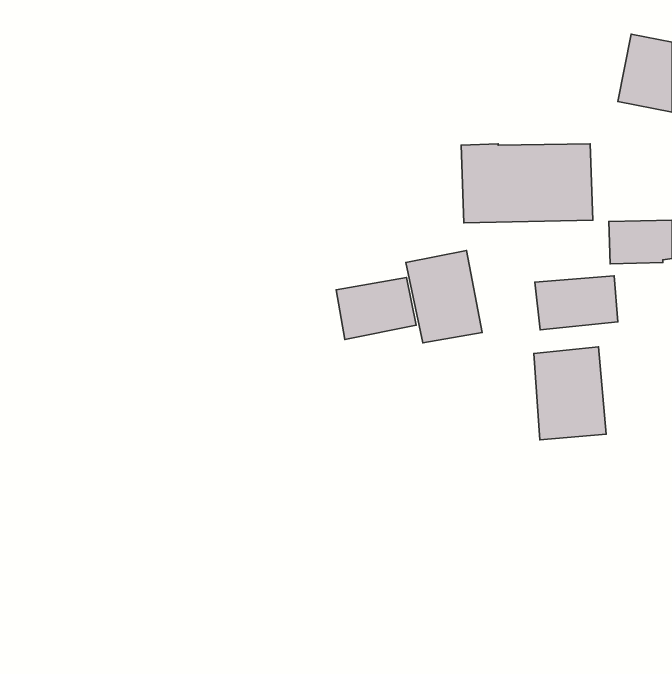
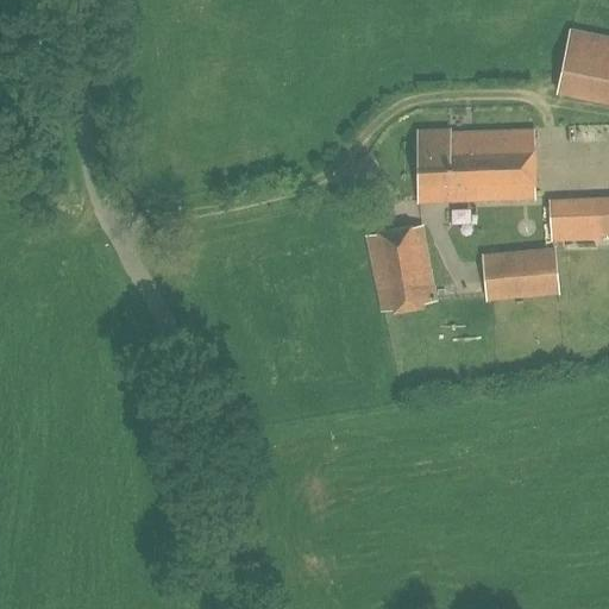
building: [336,277,416,339] -> none
building: [534,347,606,440] -> none

